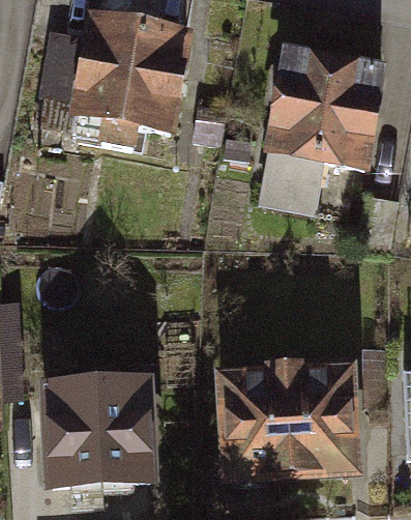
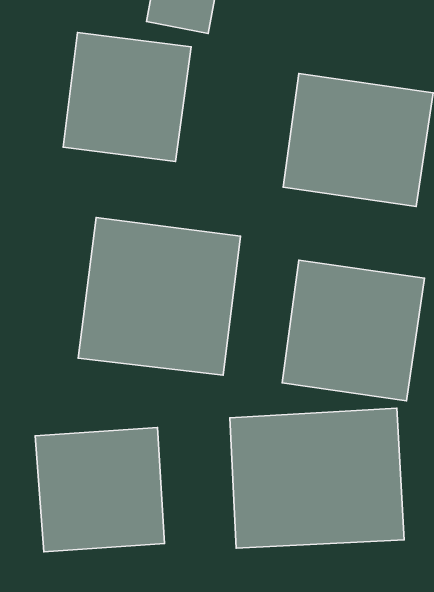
building: none -> [78,218,241,375]
building: none -> [282,260,424,401]

